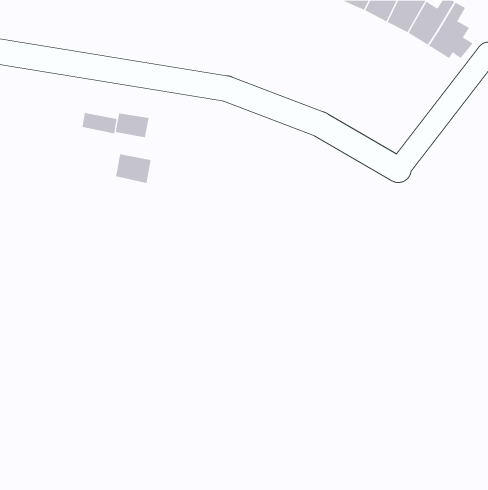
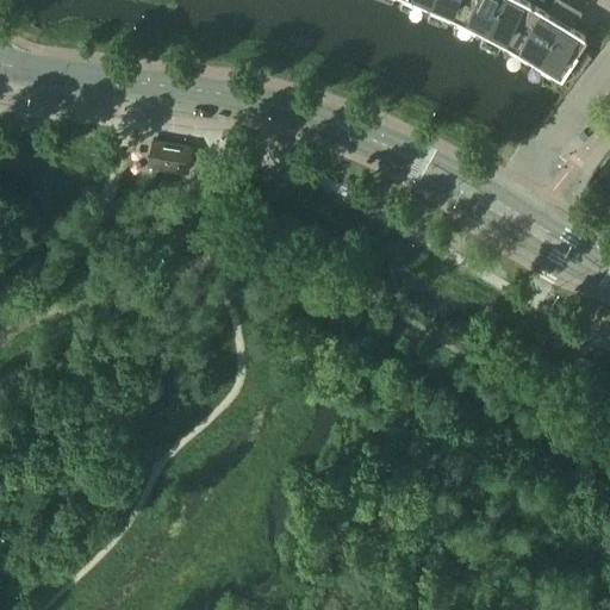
building: [82,112,117,134] -> none
building: [116,153,151,184] -> none

